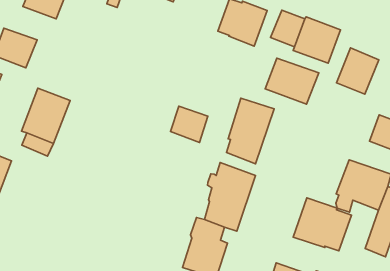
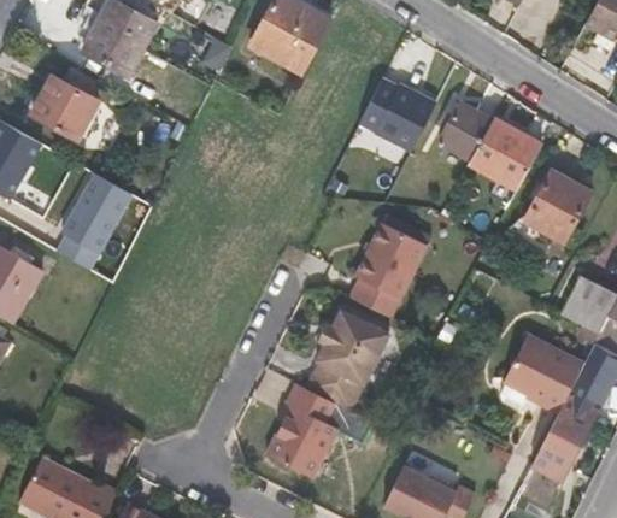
building: [265,58,319,104] -> none
building: [170,106,208,142] -> none
building: [293,198,351,251] -> none

